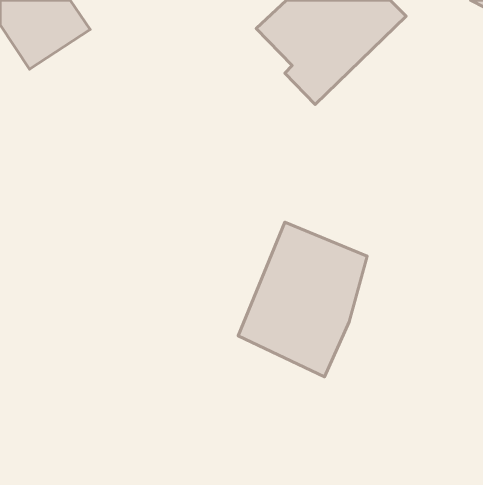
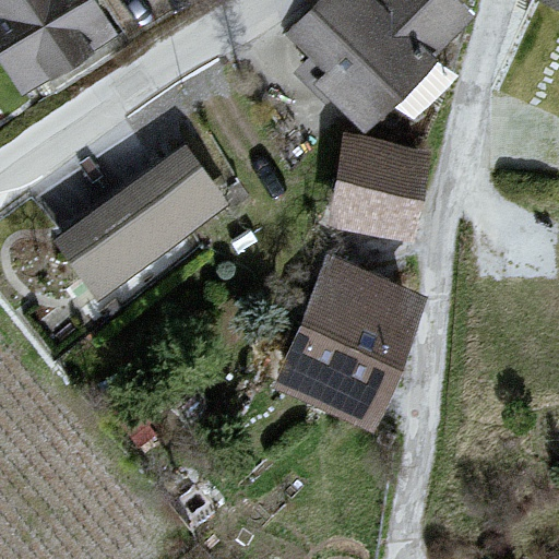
building: none -> [333,133,425,227]
building: none -> [49,144,228,302]

